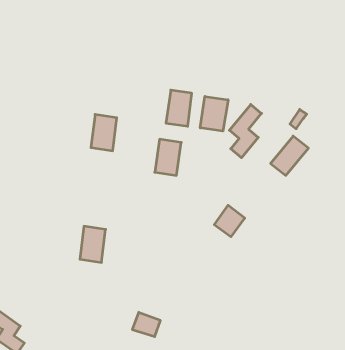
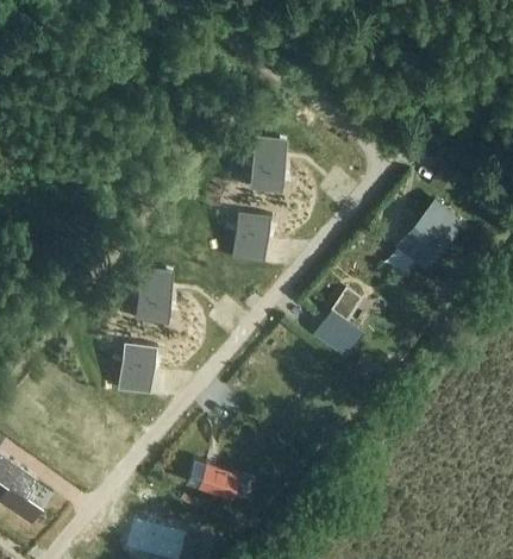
building: [200,96,228,131] -> none
building: [229,104,262,158] -> none
building: [91,114,117,151] -> [137,265,175,319]

